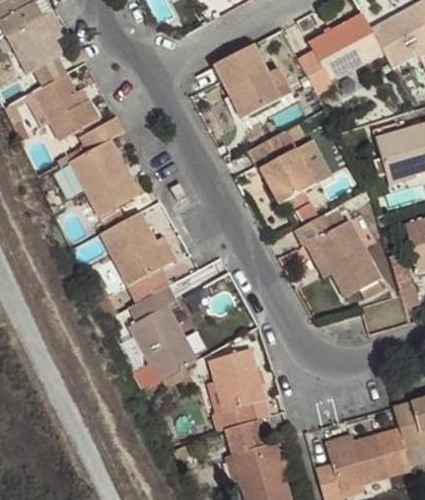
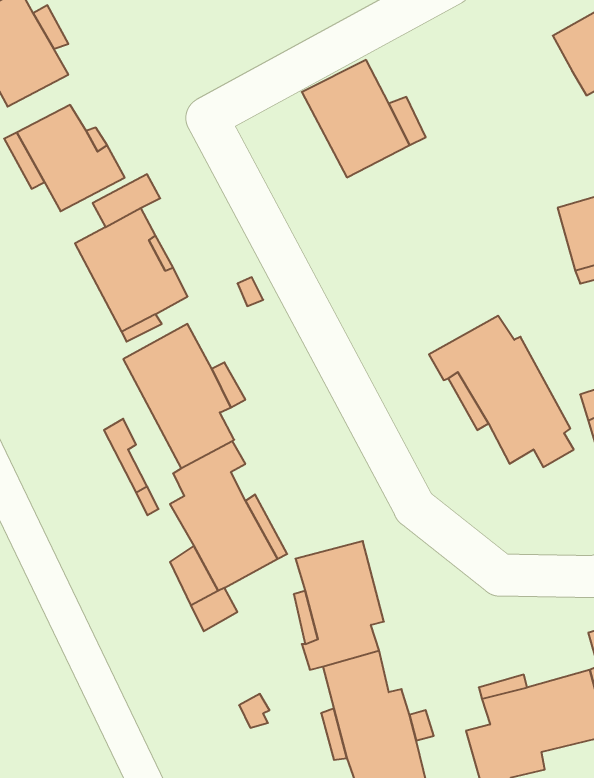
building: [297,13,382,94] -> none
building: [249,121,332,205] -> none

